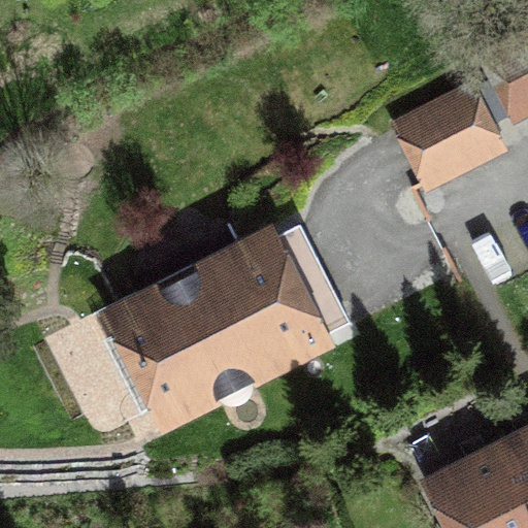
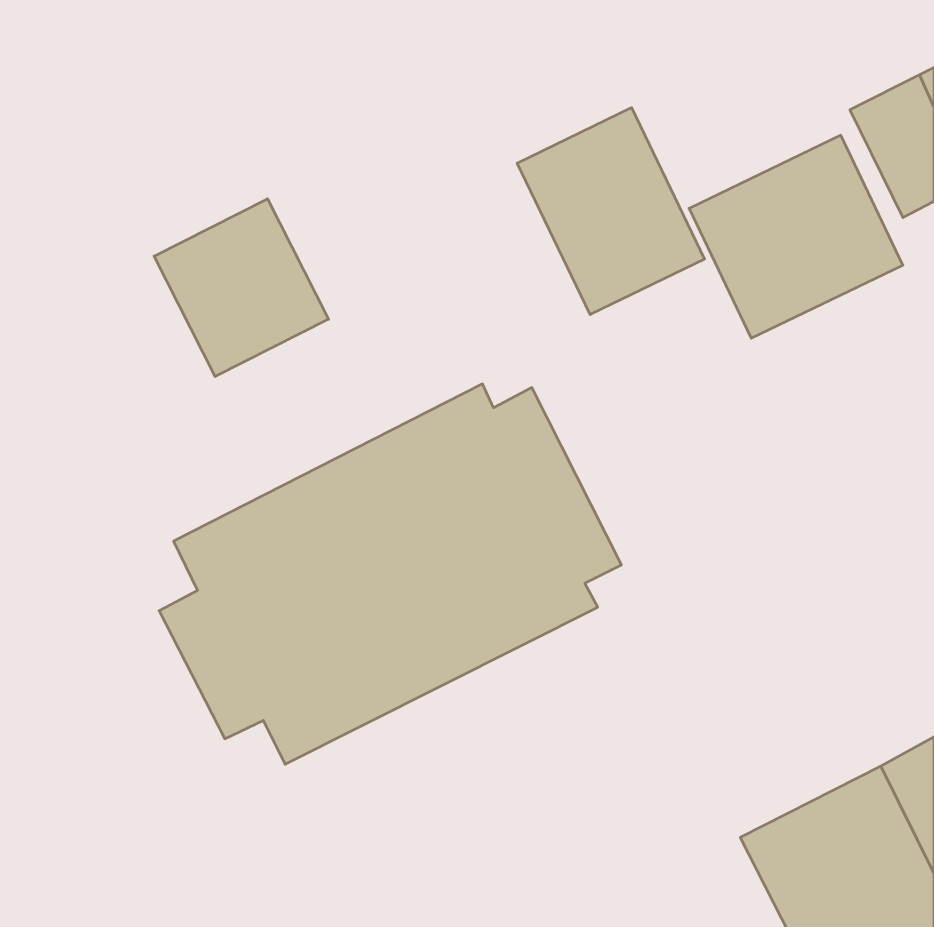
building: none -> [517,108,705,315]
building: none -> [154,199,329,377]

